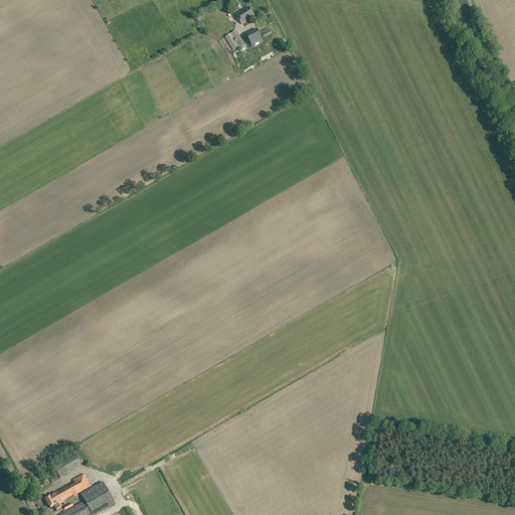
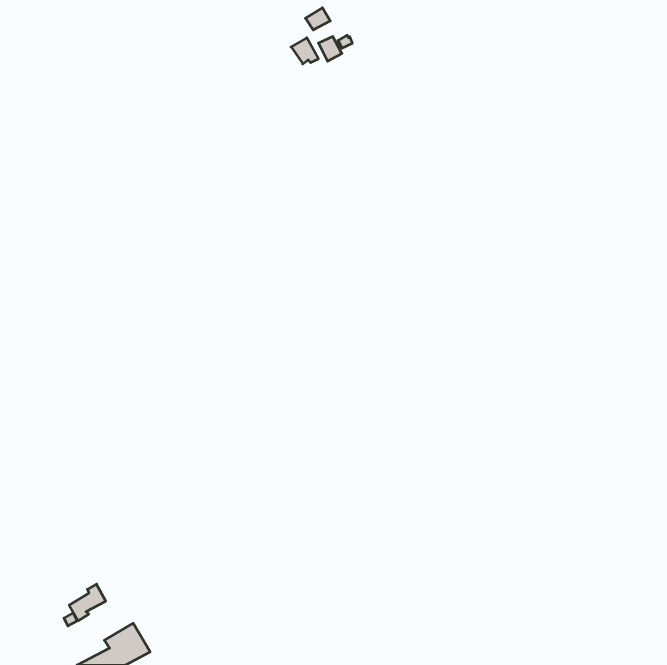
building: [44,473,91,509] -> none

